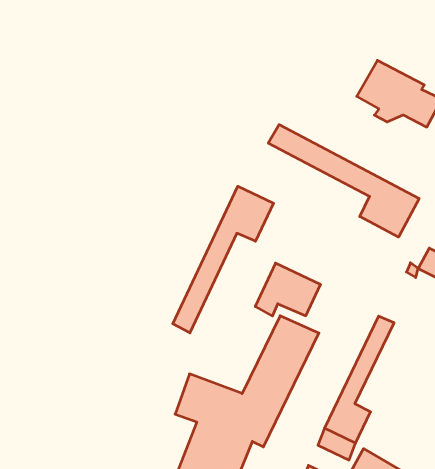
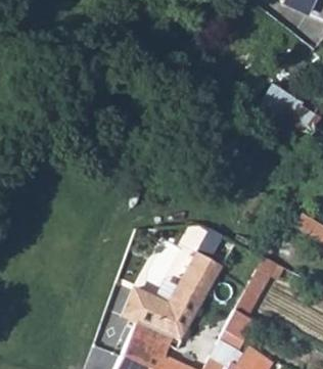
building: [268,125,419,237] -> none
building: [173,186,274,333] -> none

